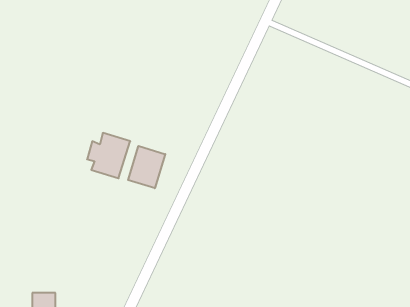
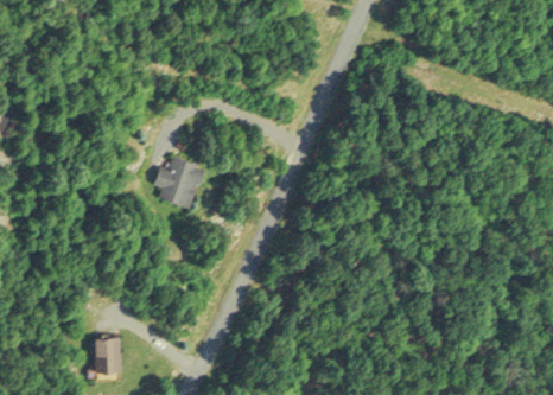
building: [128,146,165,188] -> none

